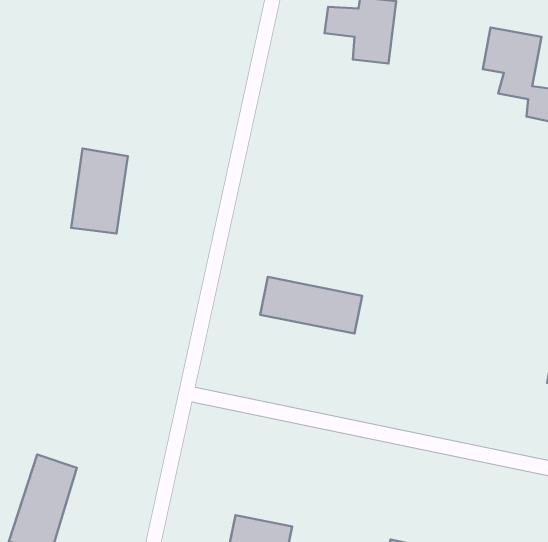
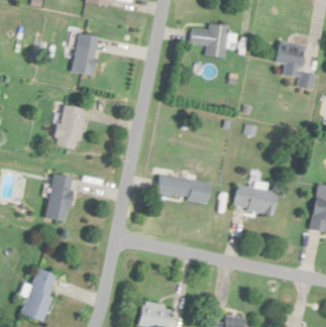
building: none -> [73,34,99,76]
building: none -> [48,175,72,222]
building: none -> [234,185,279,216]

